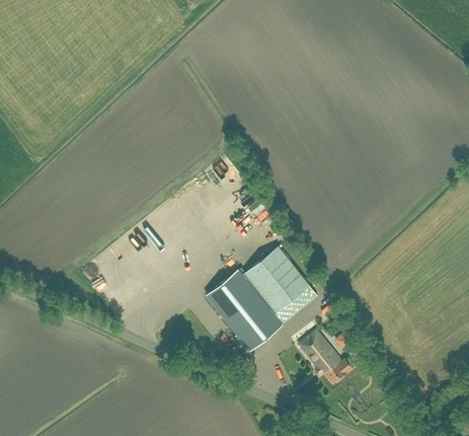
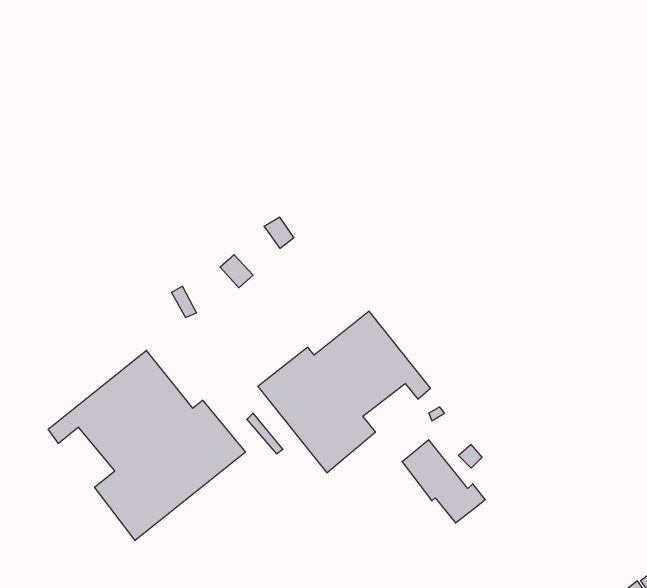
building: none -> [48,350,245,541]

